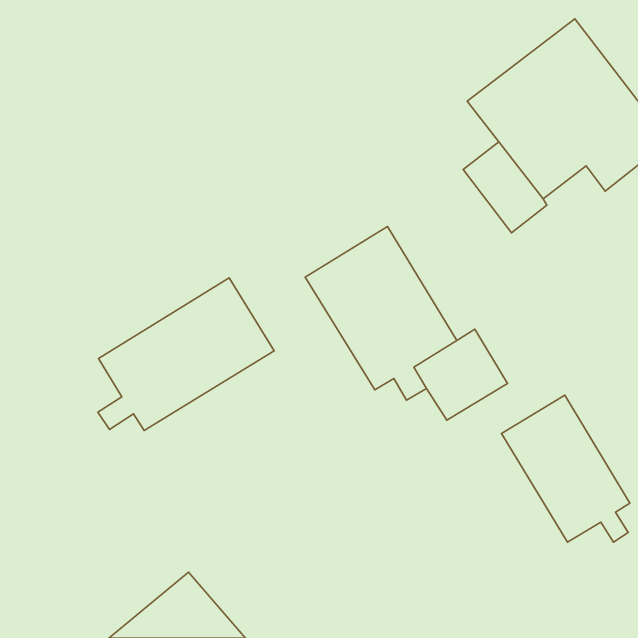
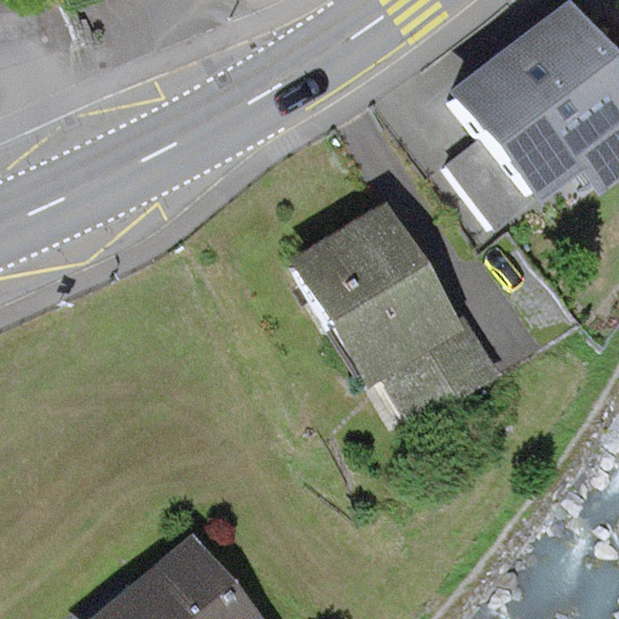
building: [98,278,274,431] -> none
building: [502,395,630,542] -> none

